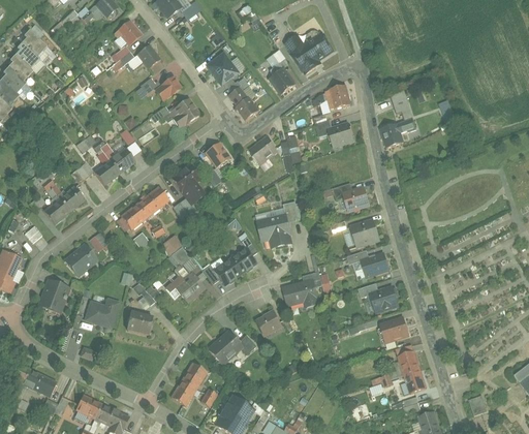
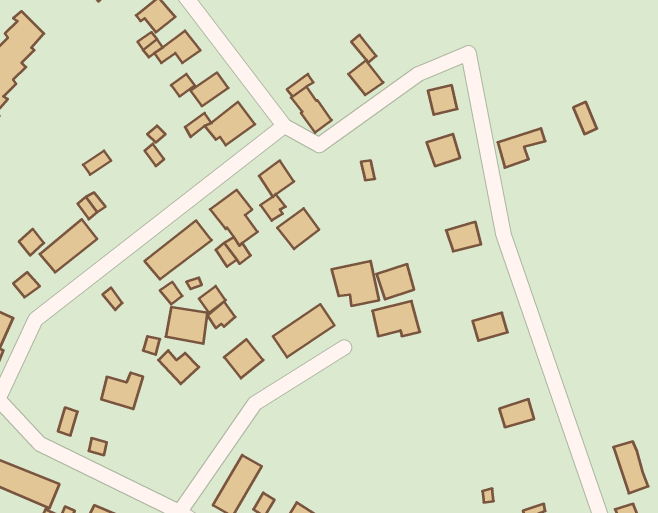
building: [283,29,334,73] -> none
building: [205,51,238,85] -> none
building: [246,135,277,165] -> [277,208,319,249]
building: [93,142,134,184] -> none
building: [350,219,378,245] -> [376,264,414,299]
building: [62,242,98,277] -> none
building: [36,278,69,313] -> none
building: [285,280,320,306] -> [372,301,420,336]
building: [370,285,399,310] -> none
building: [124,308,155,335] -> [166,307,208,344]
building: [257,310,286,338] -> none
building: [209,329,244,363] -> none
building: [400,351,426,390] -> [613,442,648,493]

